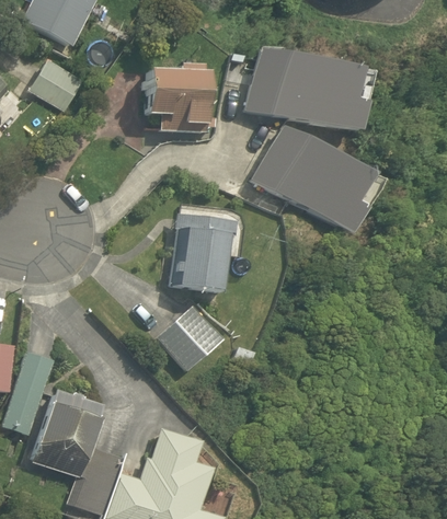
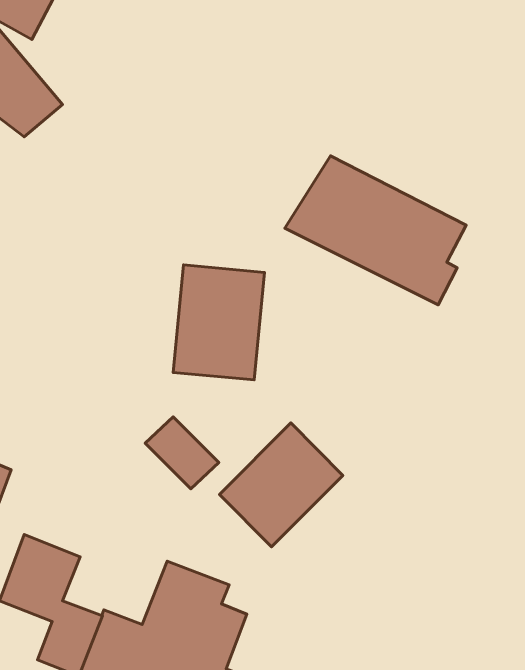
building: [245,51,379,138] -> none
building: [148,74,224,134] -> none
building: none -> [219,423,343,547]

